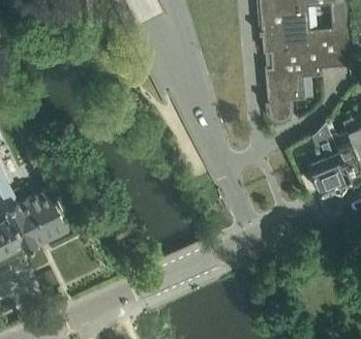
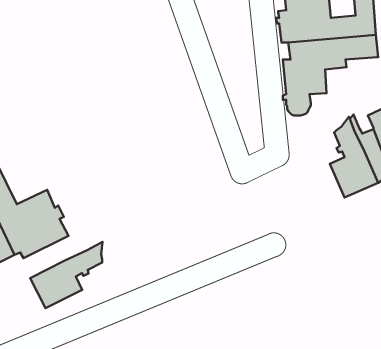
building: none -> [30,242,103,308]

